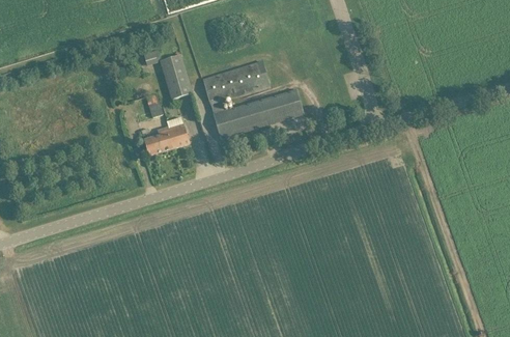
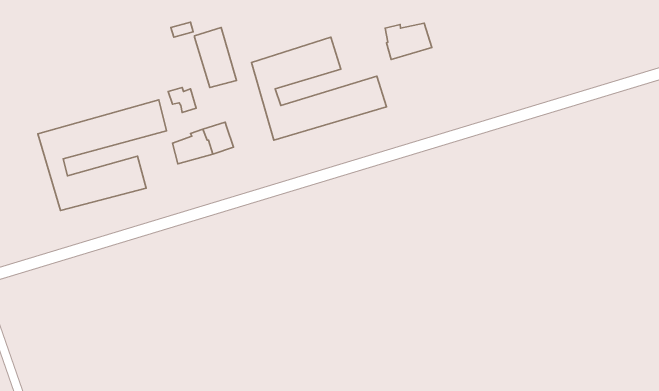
building: none -> [385,23,432,60]
building: none -> [38,100,167,211]

